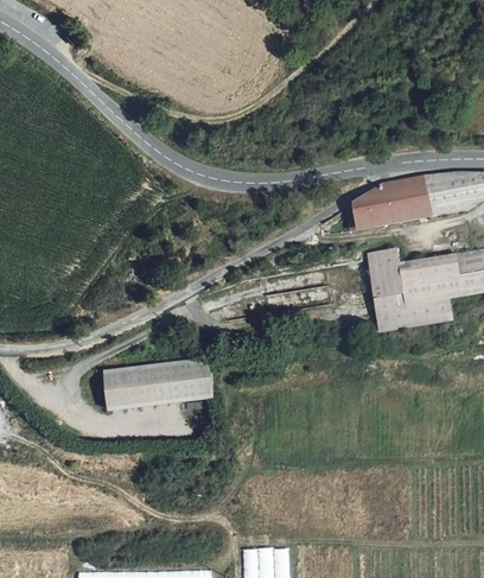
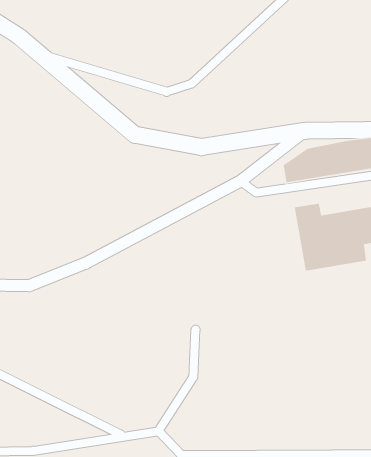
building: [106,357,216,408] -> none

